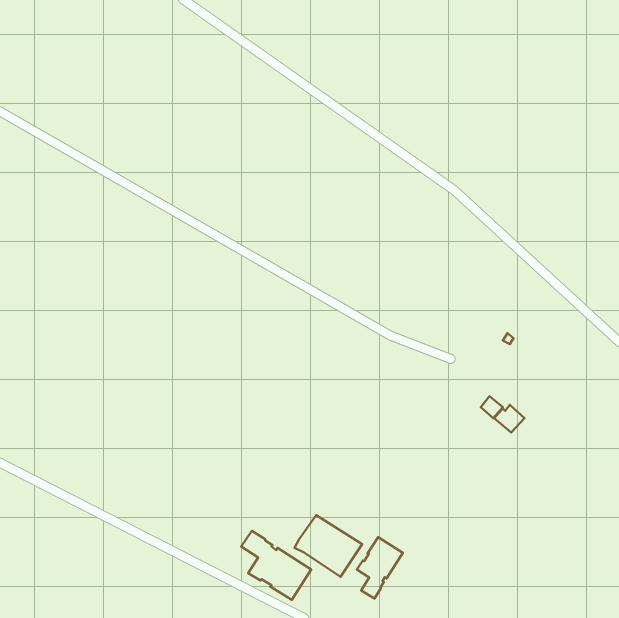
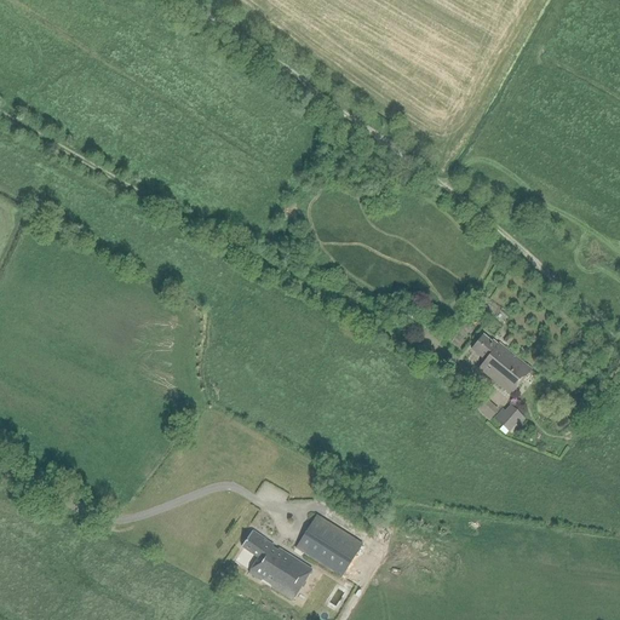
building: none -> [471,334,530,394]
building: [357,537,403,598] -> none

